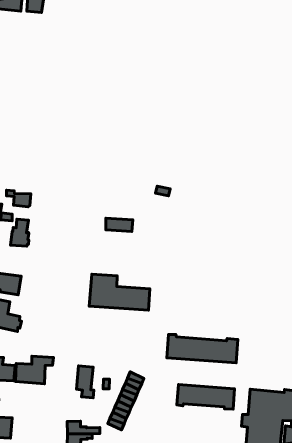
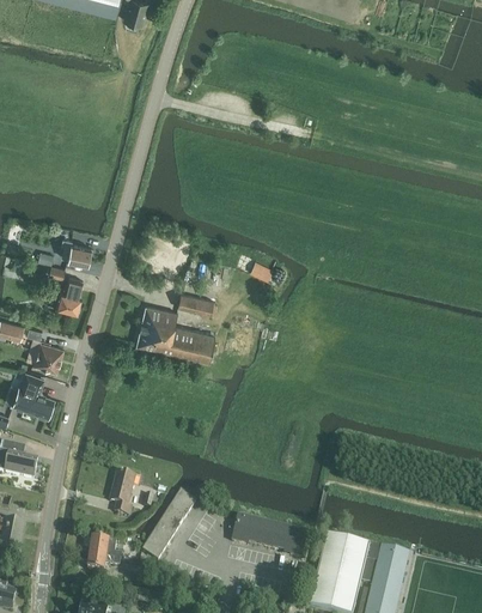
building: [89,274,150,310] -> [135,305,214,362]
building: [167,335,238,363] -> none
building: [16,356,54,384] -> none

